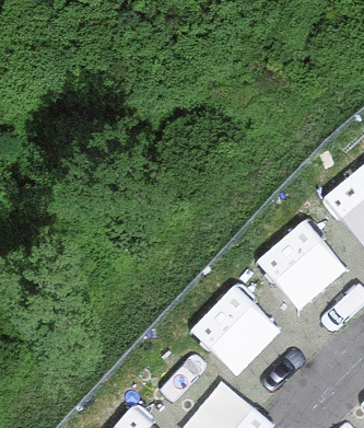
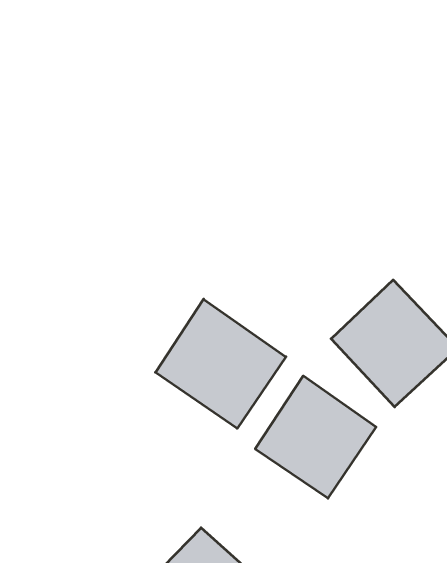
building: none -> [155,299,286,428]

